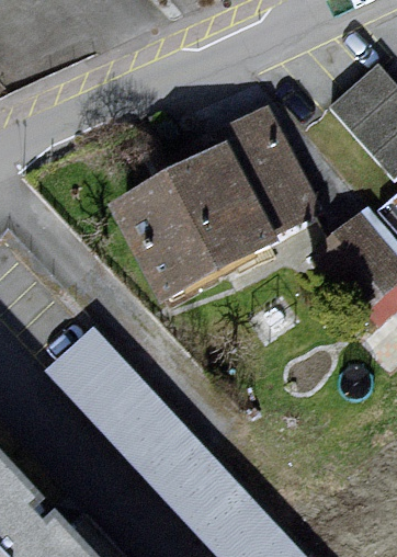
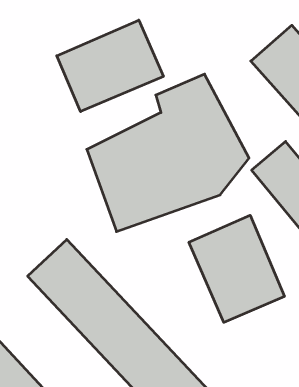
building: none -> [57,20,163,112]
building: none -> [189,215,284,322]

